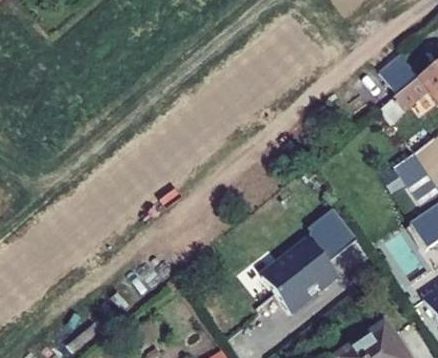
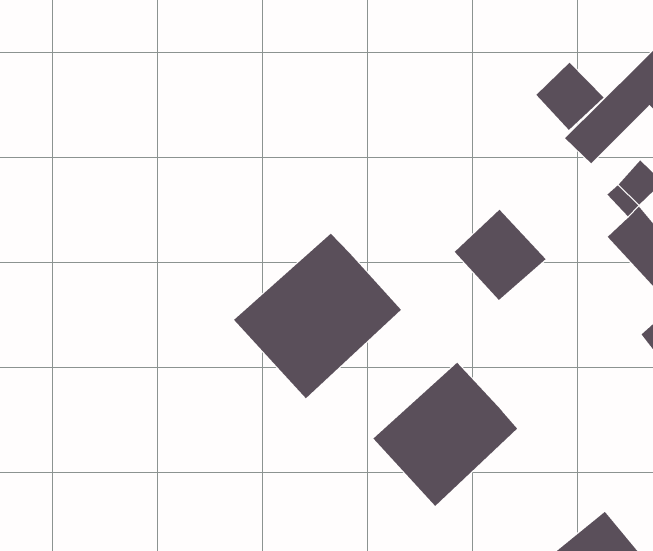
building: none -> [233,233,402,399]
building: [307,210,359,262] -> [454,209,546,301]

